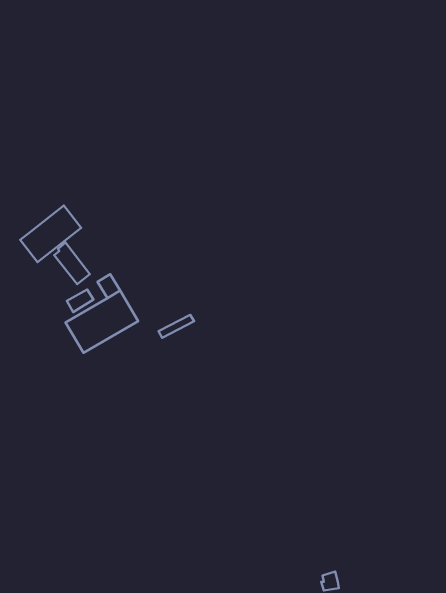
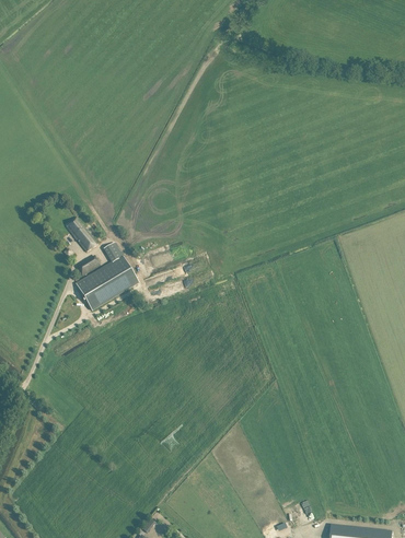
building: [20,206,81,262] -> none

